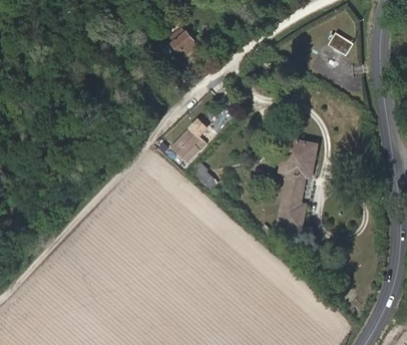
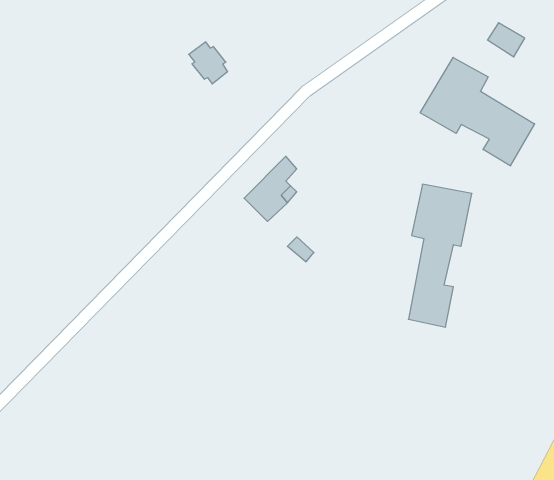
building: [169,28,194,55] -> [189,42,228,84]
building: none -> [420,57,535,166]

